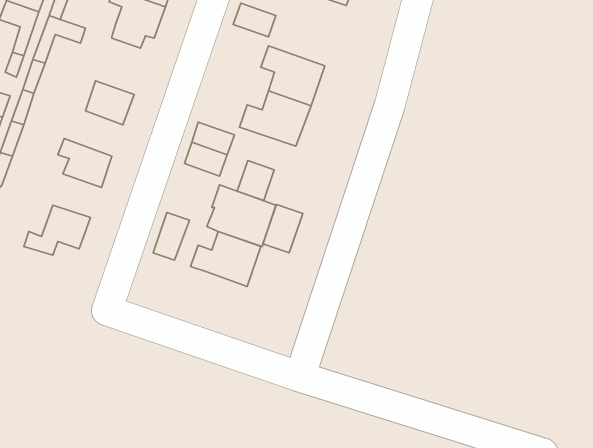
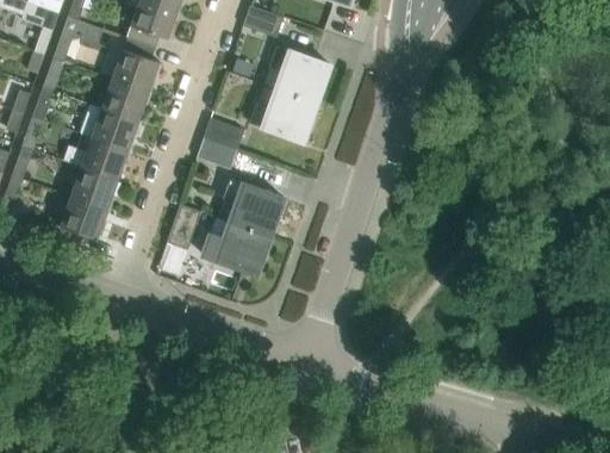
building: none -> [112,38,160,92]
building: none -> [81,104,139,150]
building: [237,161,274,200] -> none
building: none -> [71,167,118,209]
building: [263,204,303,253] -> none

